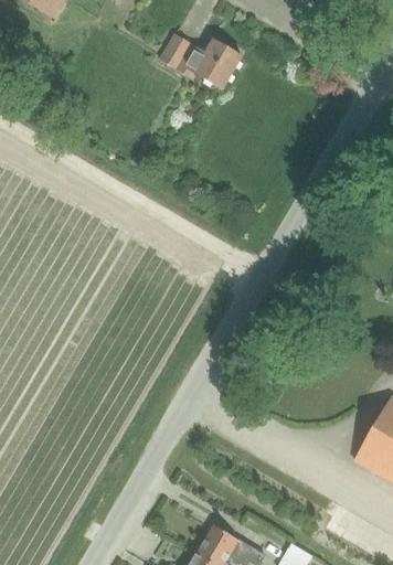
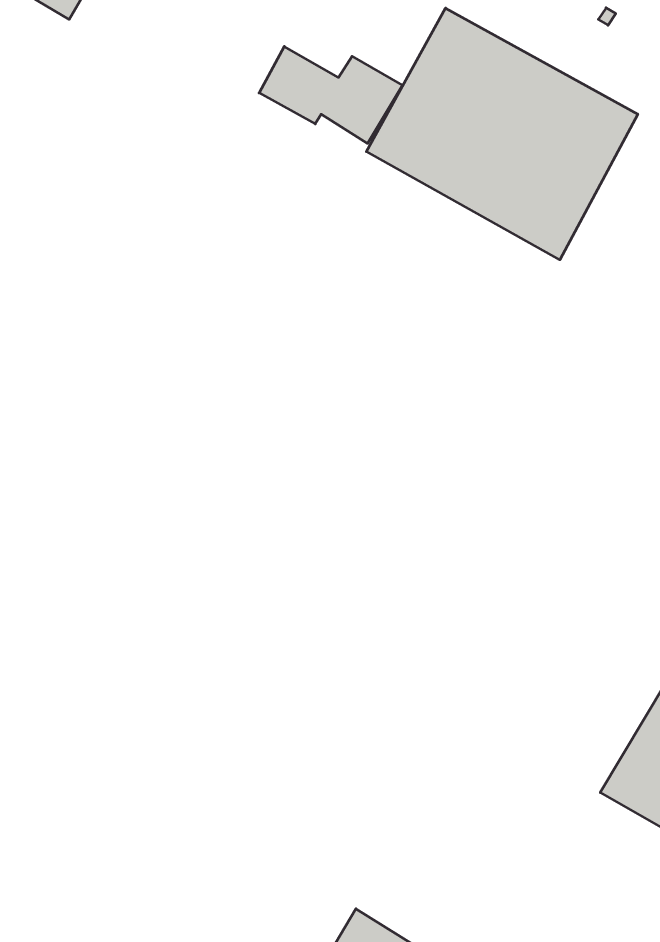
building: none -> [366,8,638,260]

